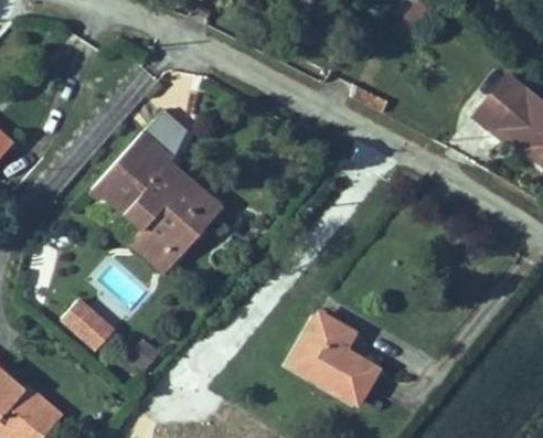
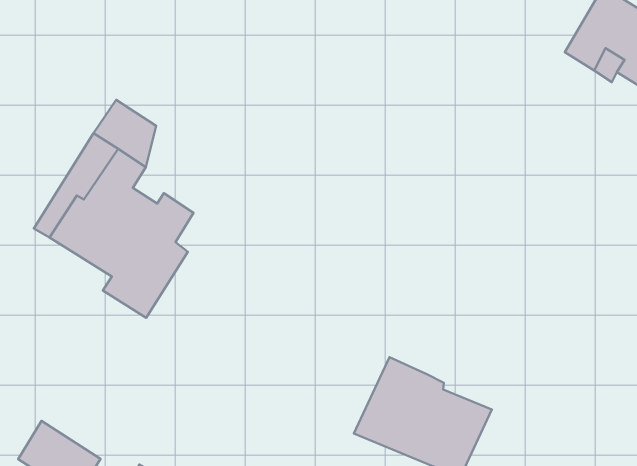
building: [125,150,224,268] -> none

